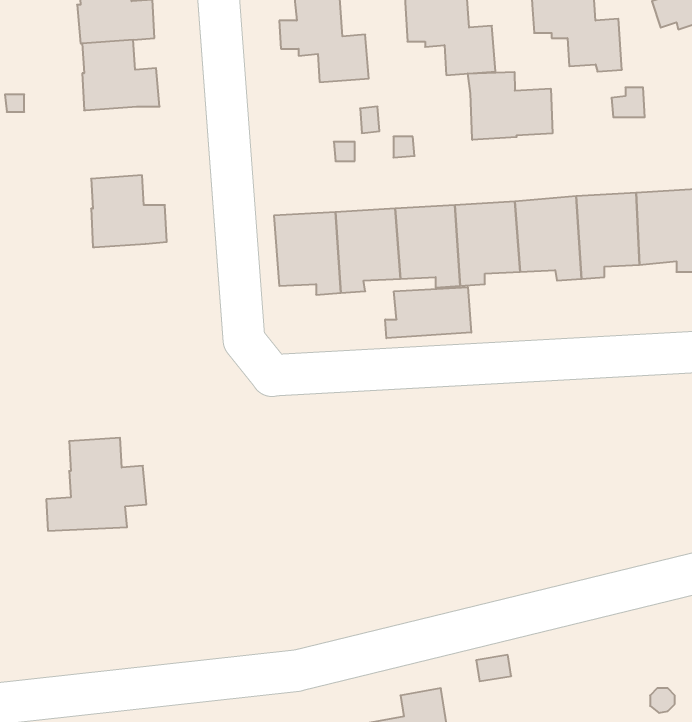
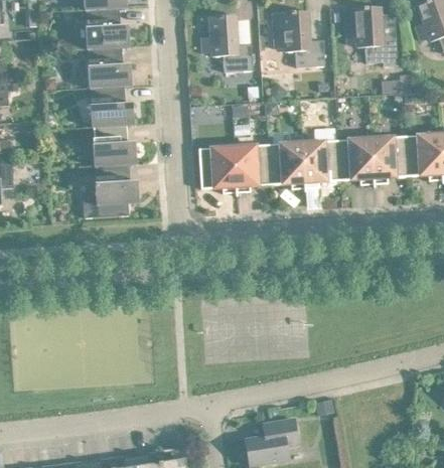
building: [468,72,552,140] -> none
building: none -> [90,86,134,127]
building: [385,287,471,338] -> none
building: [46,438,146,531] -> [82,164,139,217]

